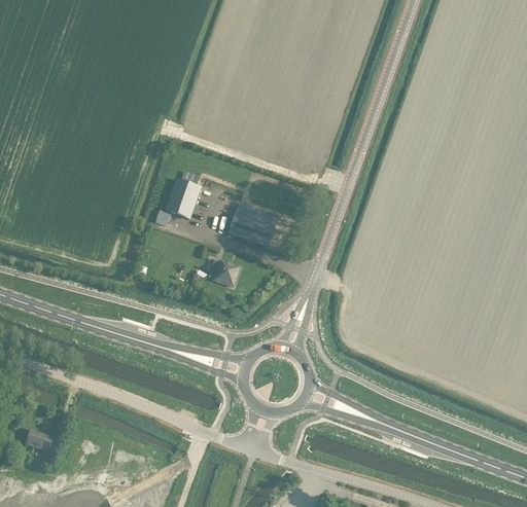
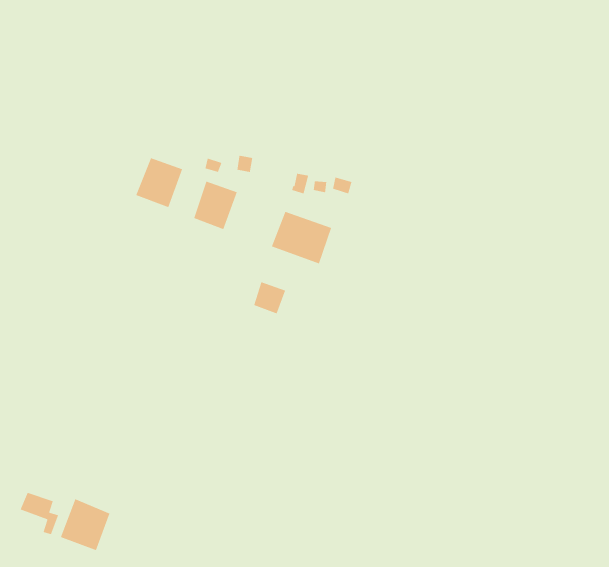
building: none -> [135,157,183,208]
building: none -> [60,498,110,551]

